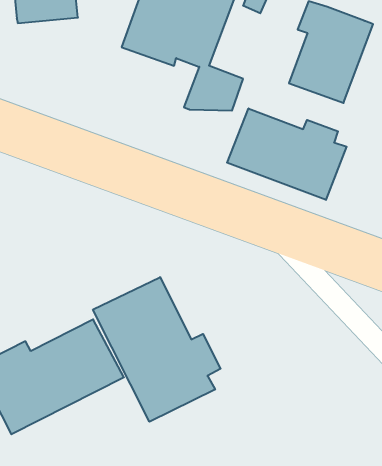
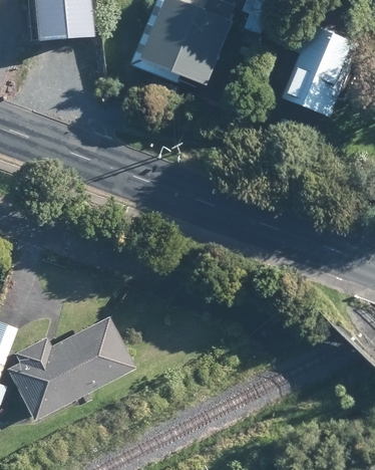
building: [227,108,347,200] -> none
building: [93,277,221,422] -> none

